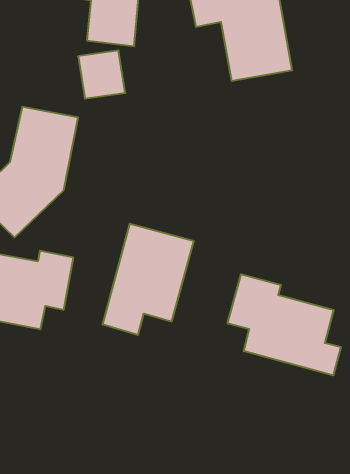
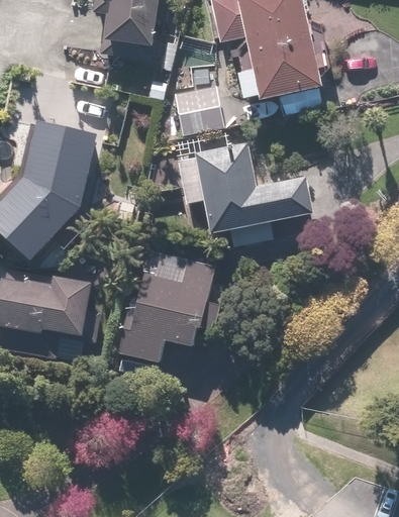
building: [78,50,125,99] -> [175,84,224,134]
building: none -> [176,135,314,244]
building: [228,274,341,375] -> none

